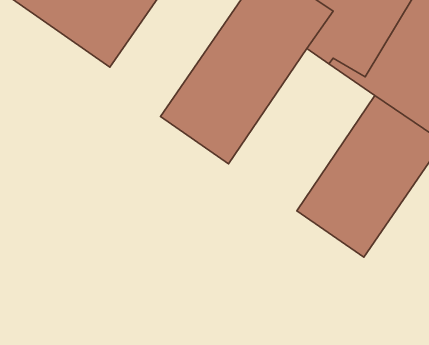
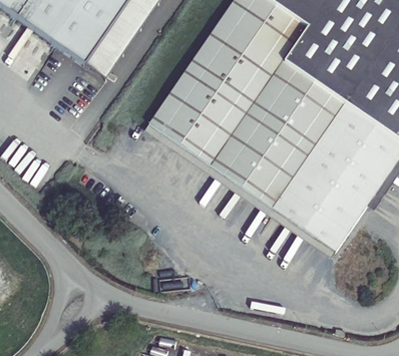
building: none -> [213,59,346,208]

